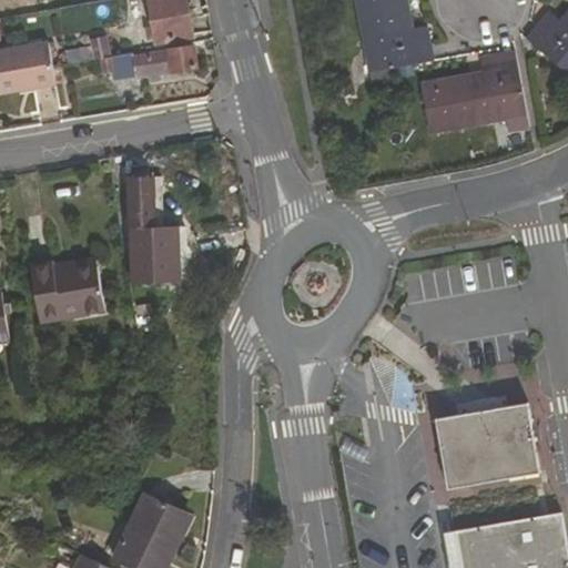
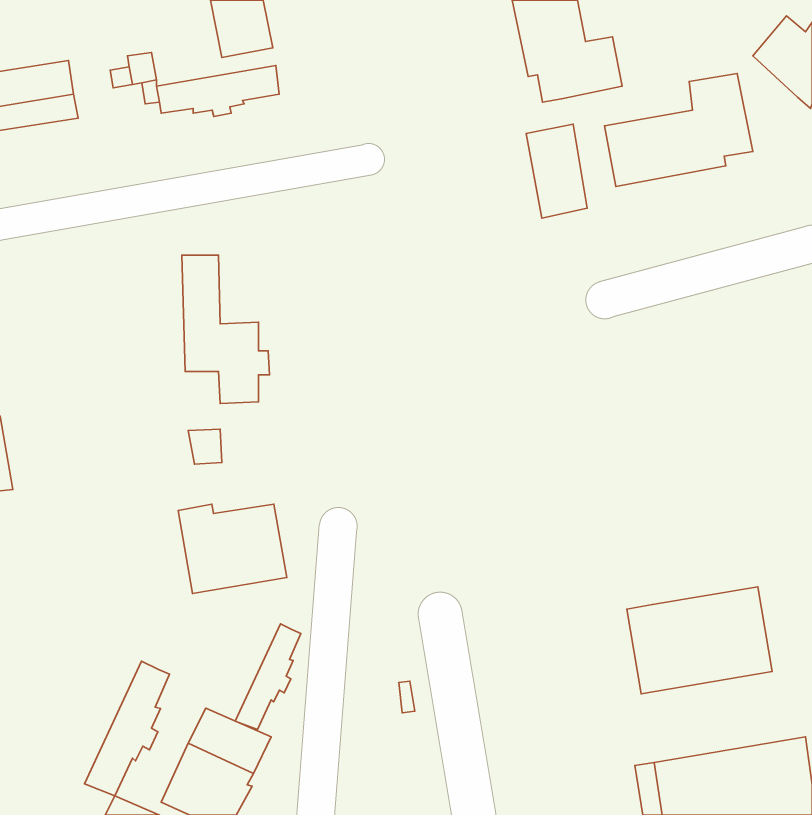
building: none -> [526,124,587,218]
building: [30,260,105,322] -> [178,504,287,593]
building: none -> [235,624,301,730]
building: none -> [85,661,170,796]

